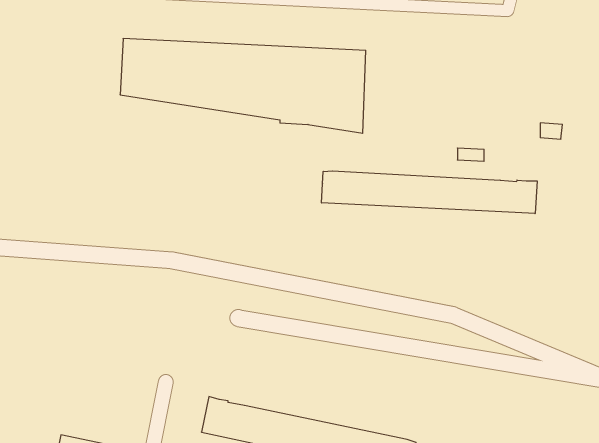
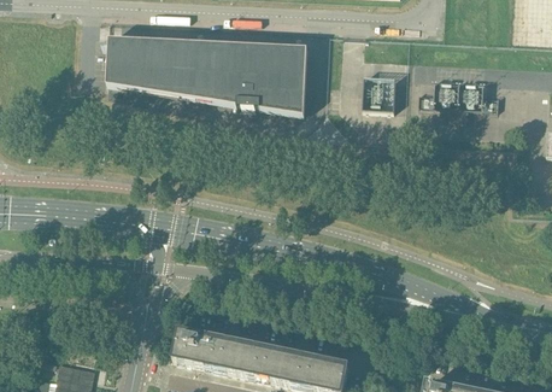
building: [322,171,537,214] -> none

